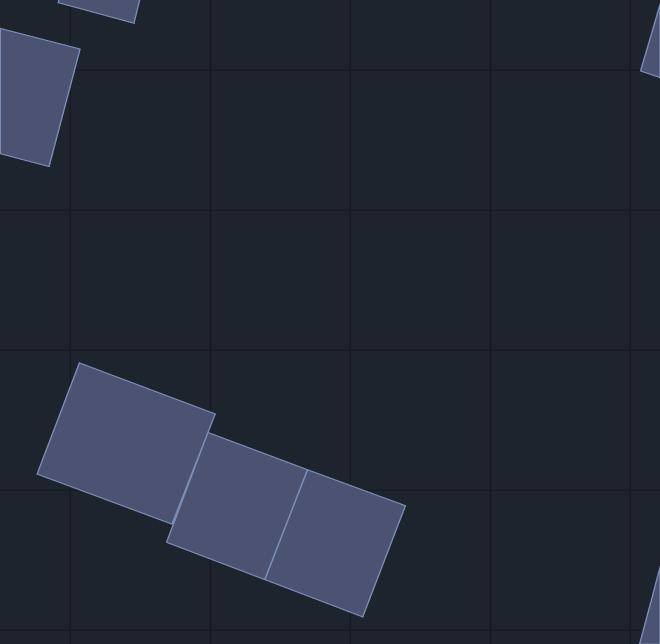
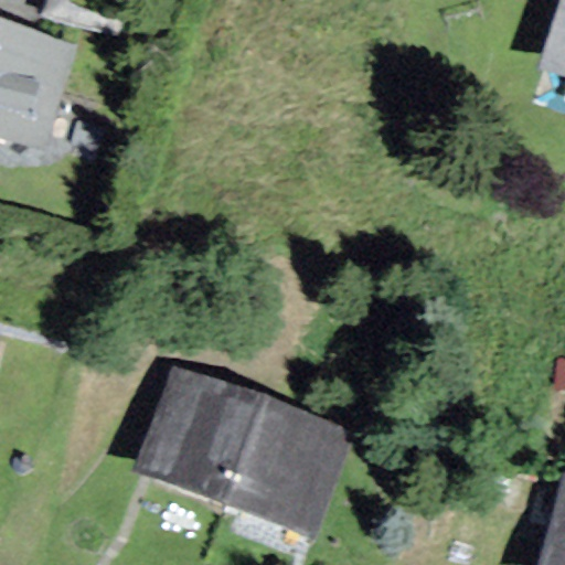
building: [37,363,215,524] -> none

